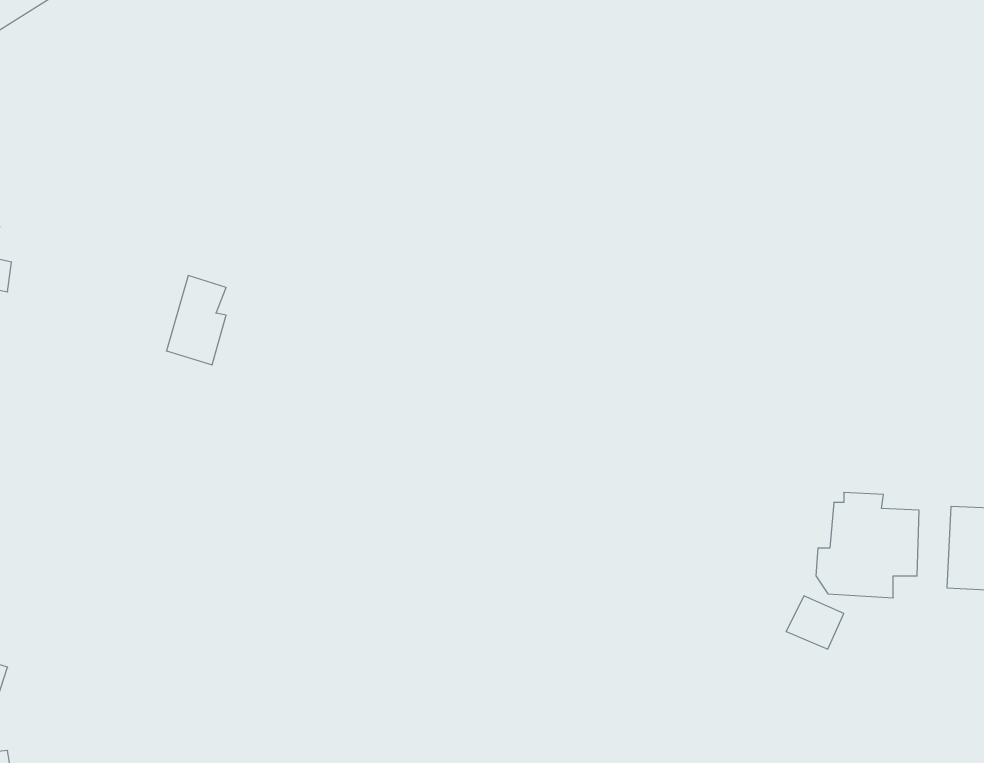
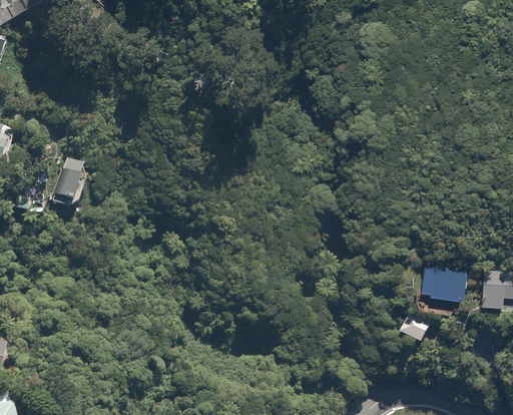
building: [166,276,226,365] -> [53,157,83,202]

